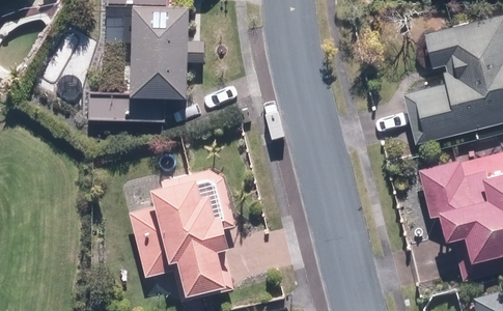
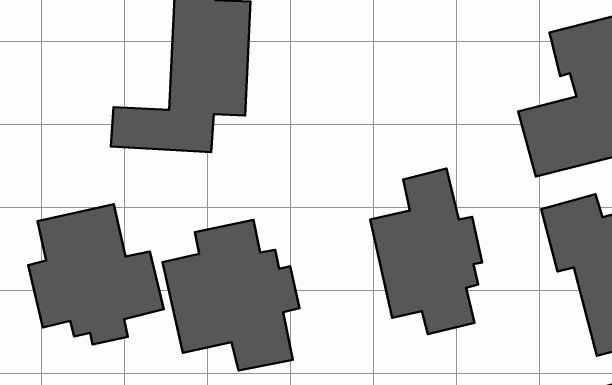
building: none -> [370,169,482,334]
building: none -> [28,204,164,345]

